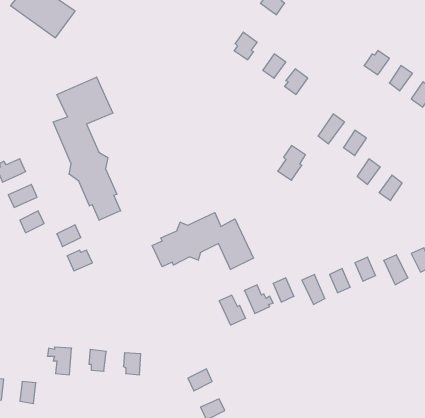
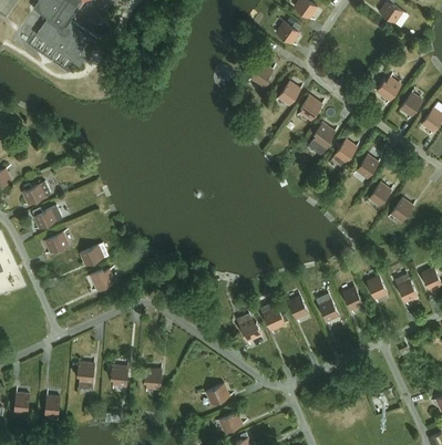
building: [53,77,121,220] -> none
building: [278,146,305,180] -> [308,122,335,155]
building: [152,213,254,270] -> none

